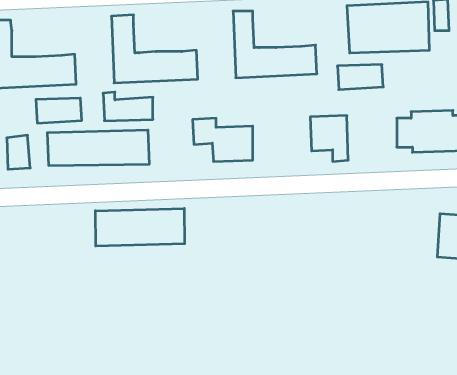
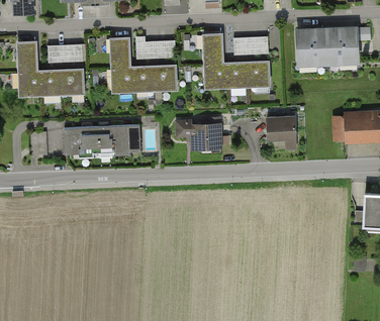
building: [337,65,383,90] -> [233,37,269,57]
building: [103,92,153,121] -> [135,36,174,59]
building: [36,98,82,123] -> [46,44,82,64]
building: [95,208,185,246] -> none

